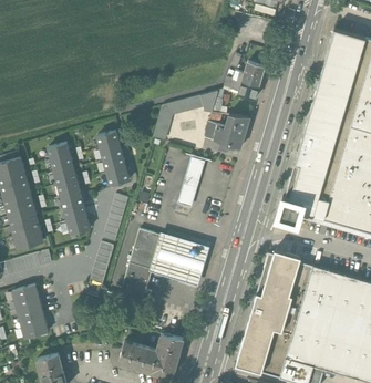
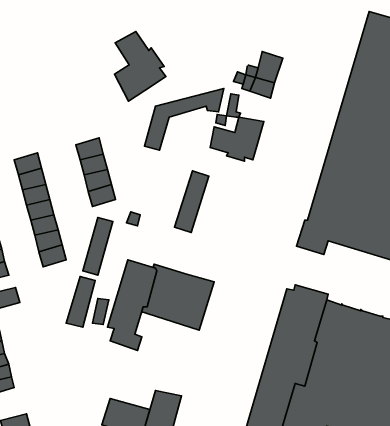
building: none -> [115,32,166,101]

